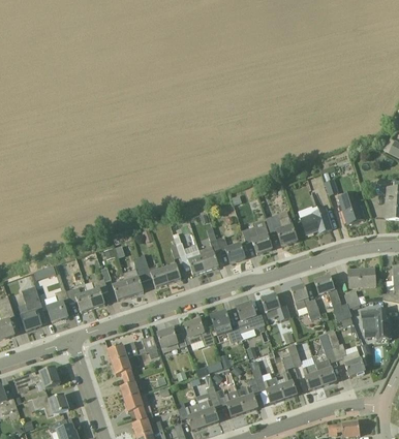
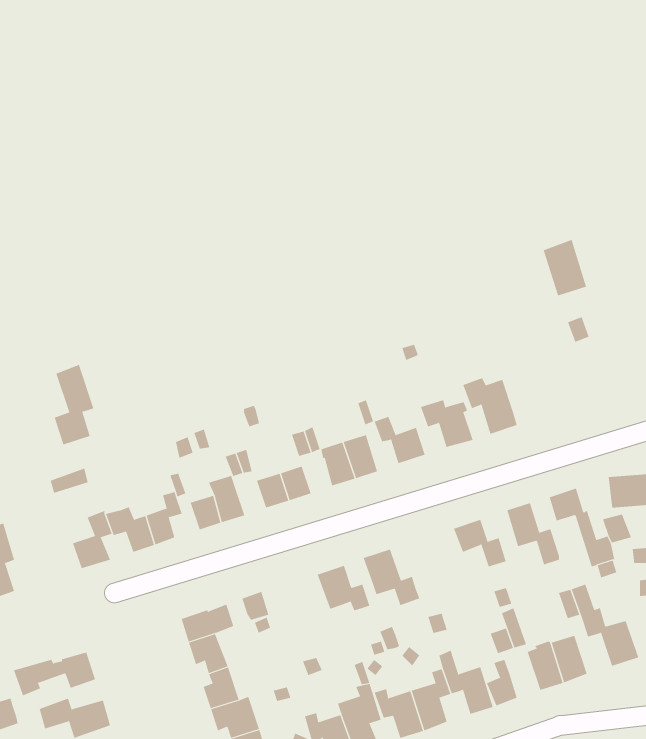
building: [338,191,363,223] -> [543,239,587,296]
building: [300,209,331,233] -> none
building: [20,285,42,331] -> [54,364,94,445]
building: [235,302,265,333] -> none
building: [156,327,185,349] -> none

